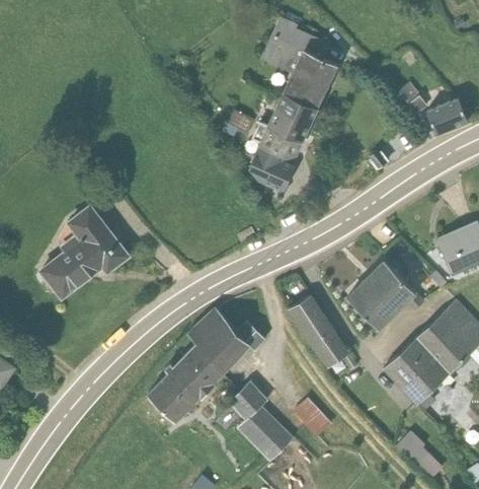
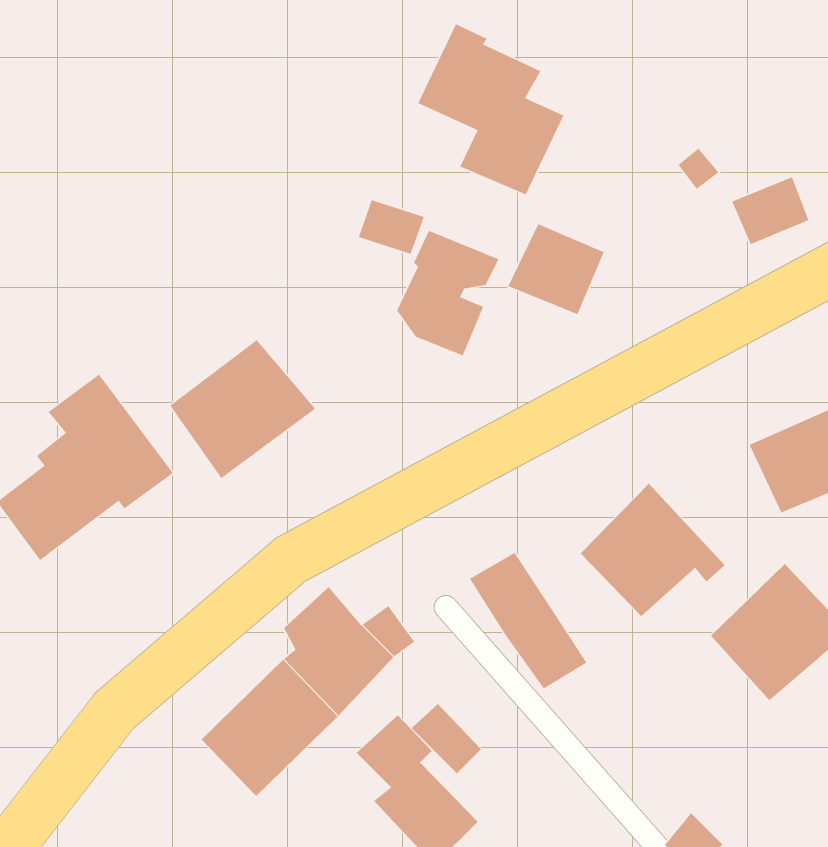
building: [266,91,318,140] -> [507,223,605,315]
building: none -> [169,339,316,479]
building: [383,340,447,404] -> none
building: [293,399,330,436] -> [411,703,482,774]

